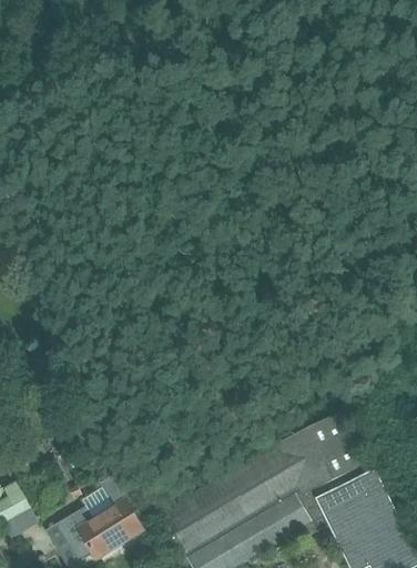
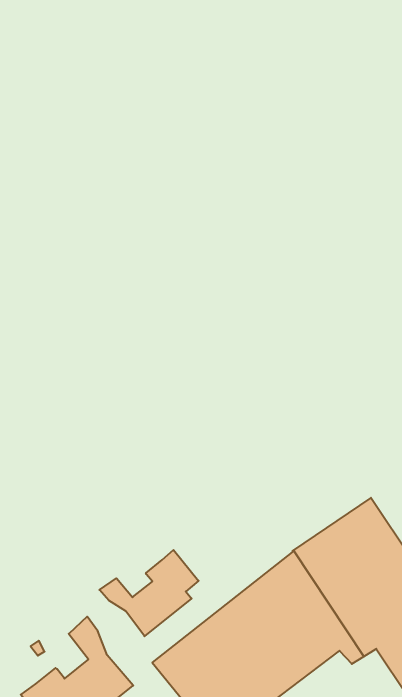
building: none -> [99,550,199,636]

